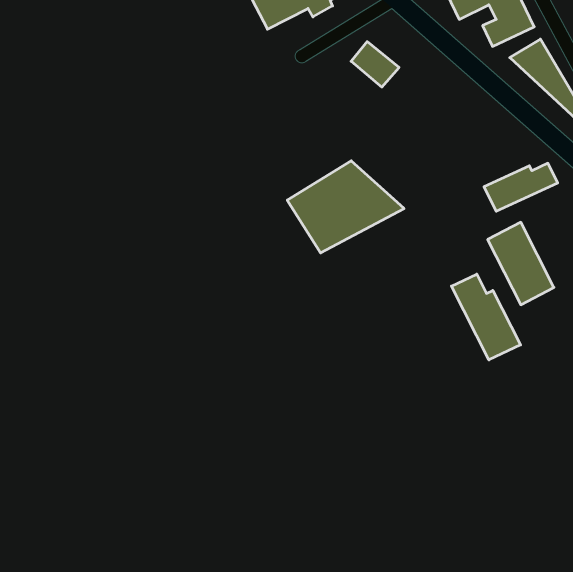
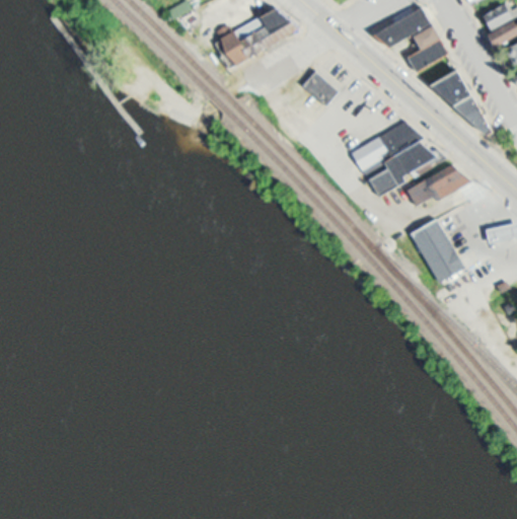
building: [287,161,404,253] -> [348,119,444,195]
building: [451,274,521,360] -> none

